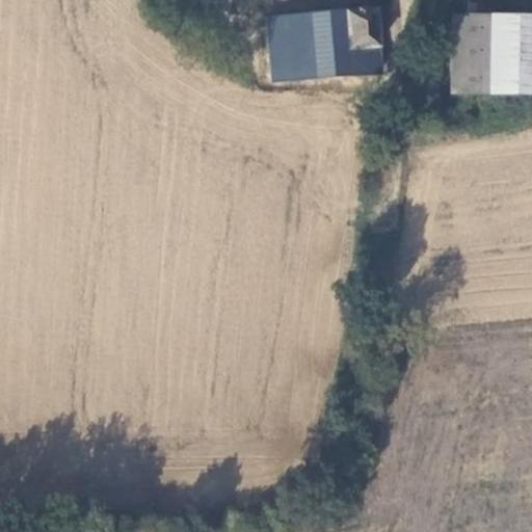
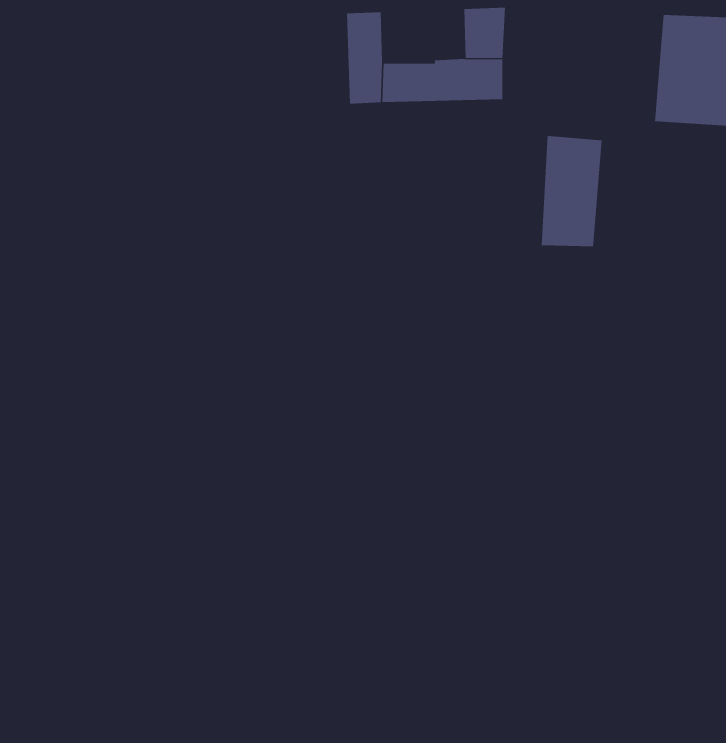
building: [287,10,346,49] -> none
building: [443,11,486,90] -> [541,136,603,247]

